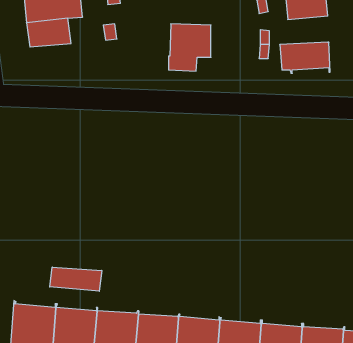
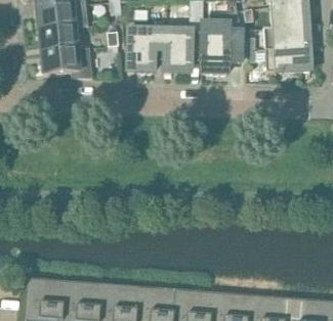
building: none -> [202,24,241,73]
building: none -> [264,24,308,49]
building: none -> [128,30,167,72]
building: none -> [41,47,93,78]
building: [50,267,102,291] -> none

